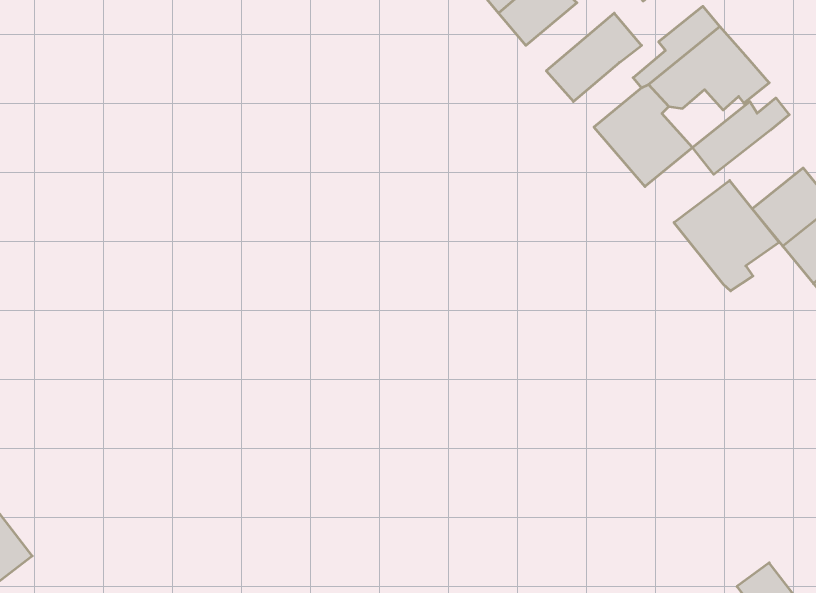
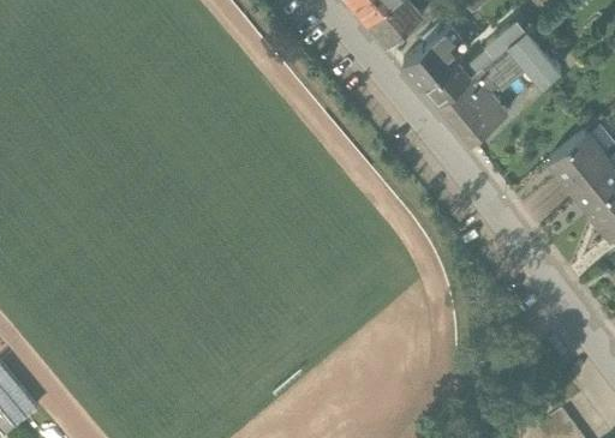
building: none -> [422,59,470,104]
building: [693,98,789,174] -> none
building: [674,180,779,291] -> none

